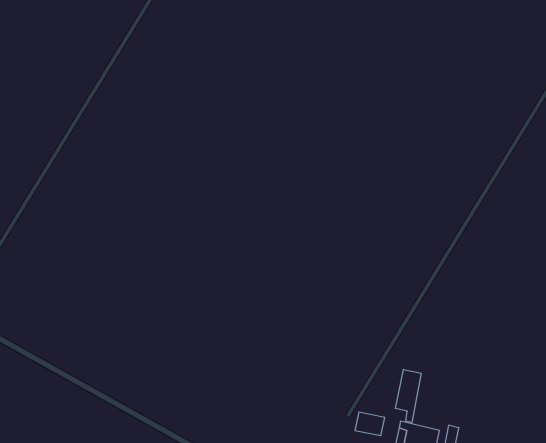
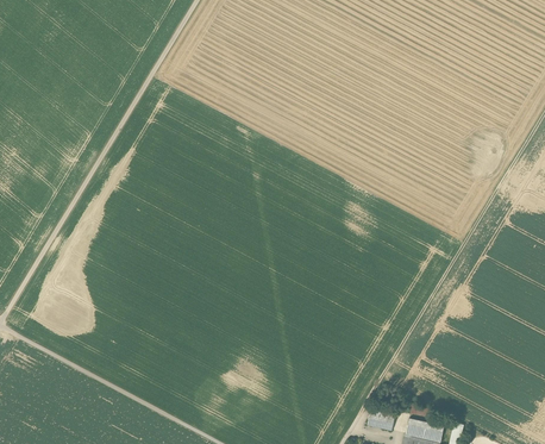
building: [395,369,421,423] -> none

